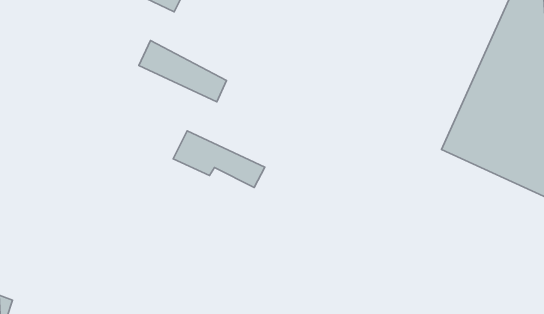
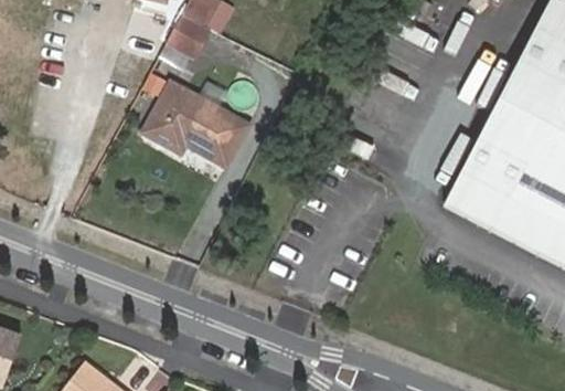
building: [173,131,265,187] -> [138,106,230,167]

